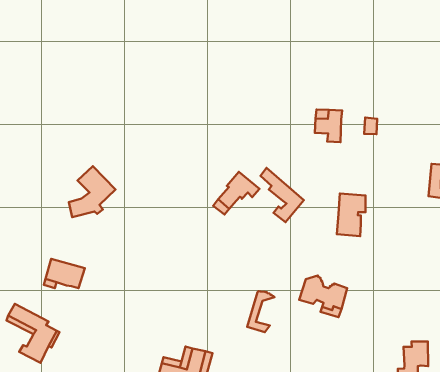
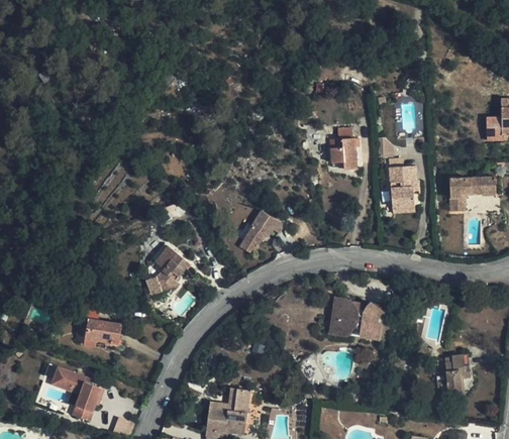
building: [69,166,116,217] -> [145,242,190,295]
building: [260,168,304,222] -> none
building: [337,193,365,236] -> [390,166,417,207]
building: [247,291,274,332] -> [328,298,351,337]

